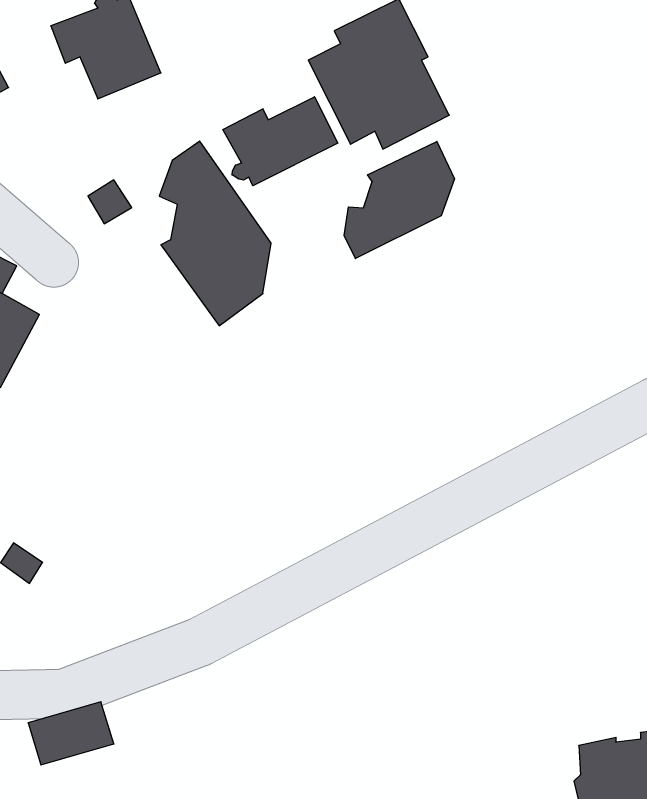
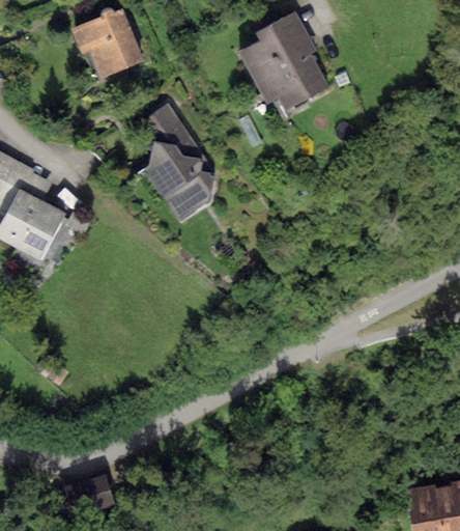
building: [223,97,338,186] -> none
building: [344,141,454,259] -> none

